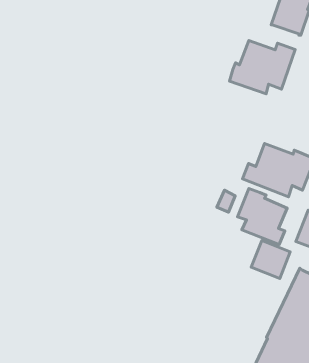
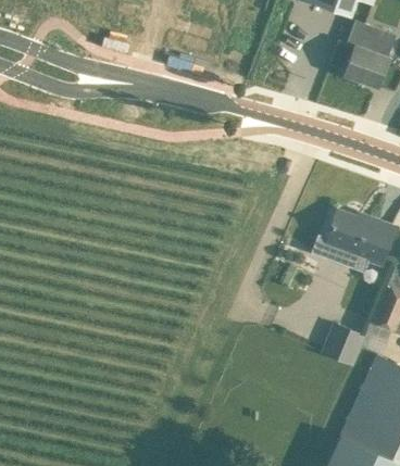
building: [229,40,295,94] -> none
building: [238,189,287,245] -> none

